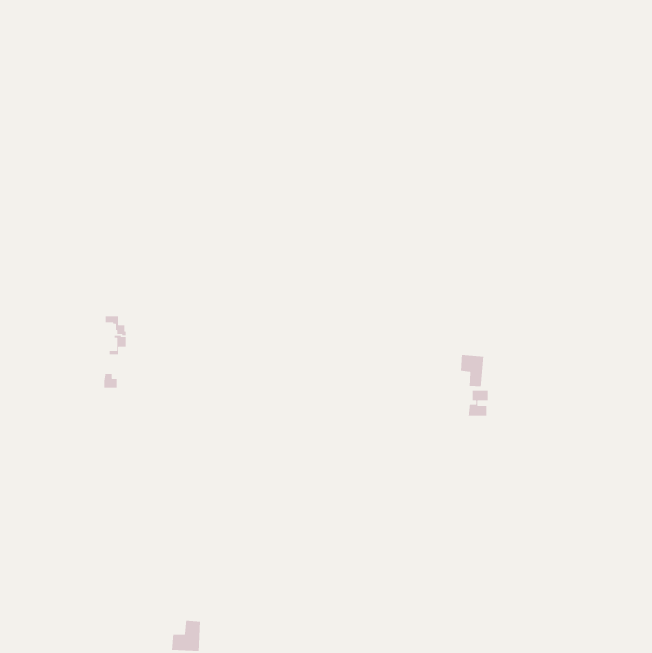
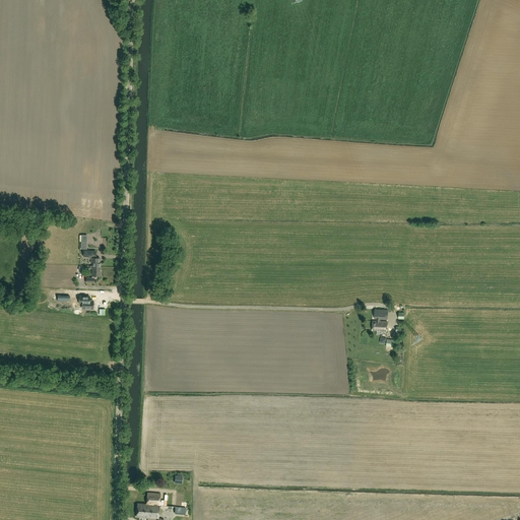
building: [460,354,484,387] -> none

